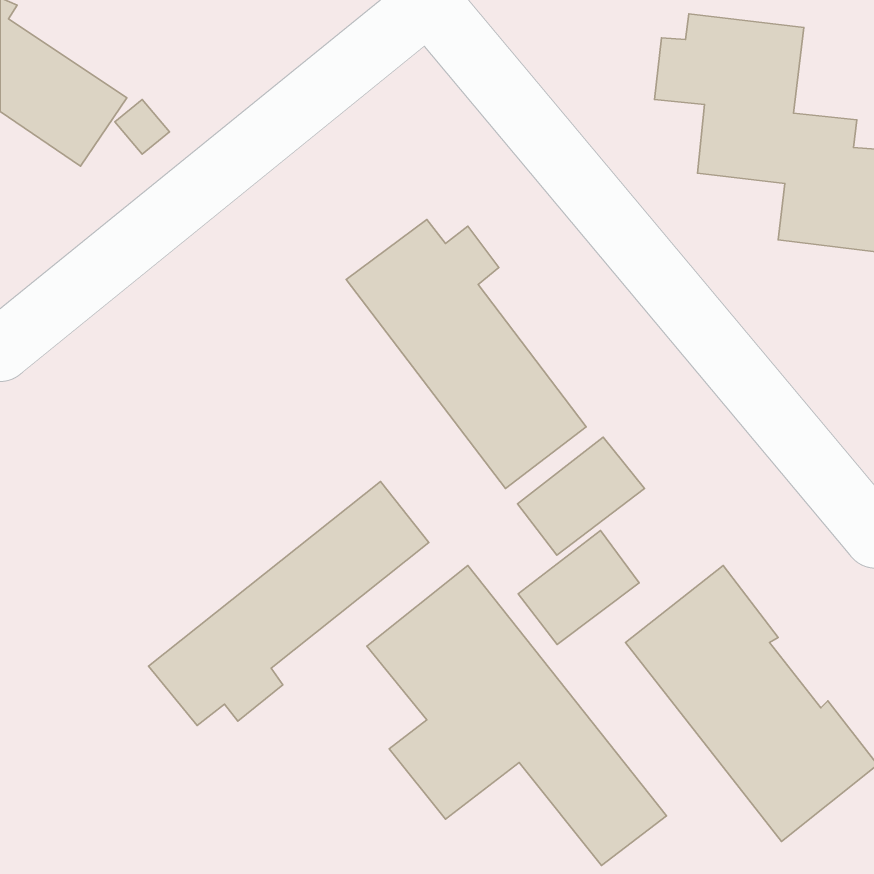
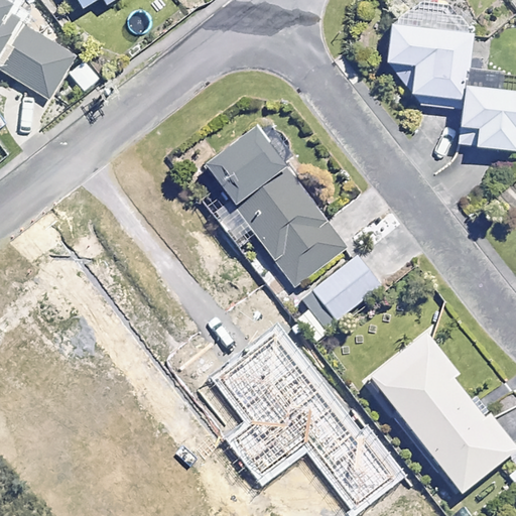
building: [148,482,429,725] -> none
building: [518,530,639,645] -> none

